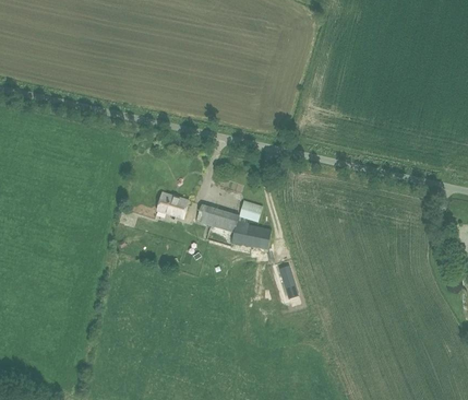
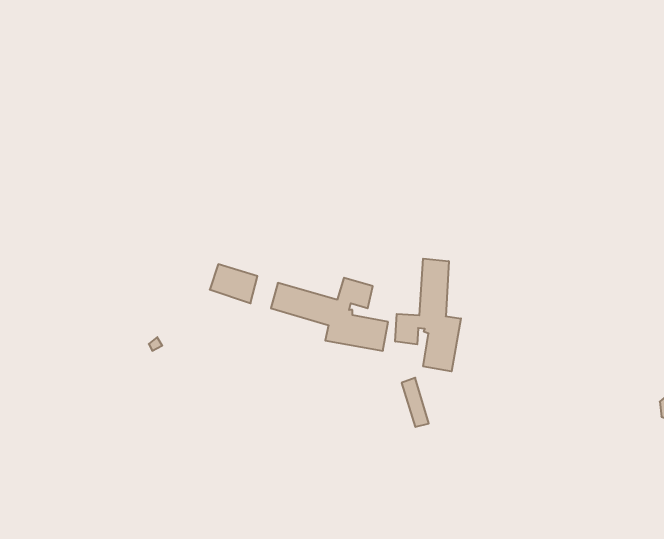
building: none -> [395,259,461,371]

